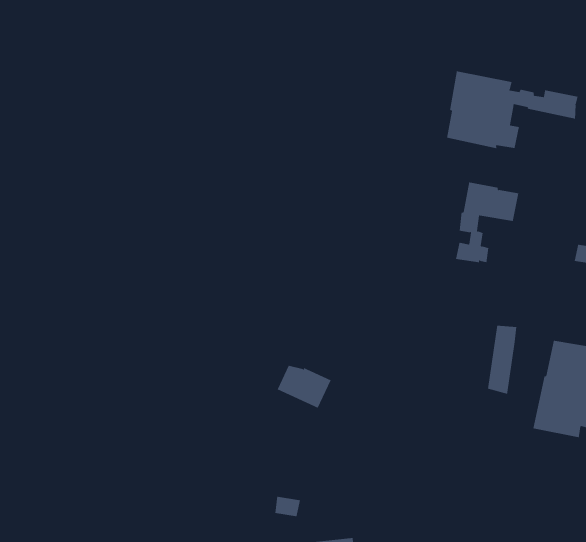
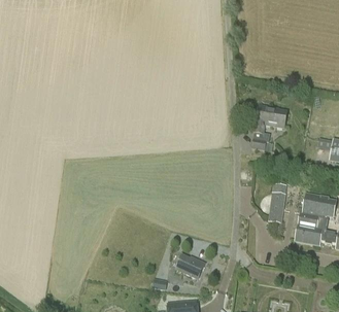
building: [446,70,578,149] -> none
building: [277,365,331,408] -> [175,254,205,278]

